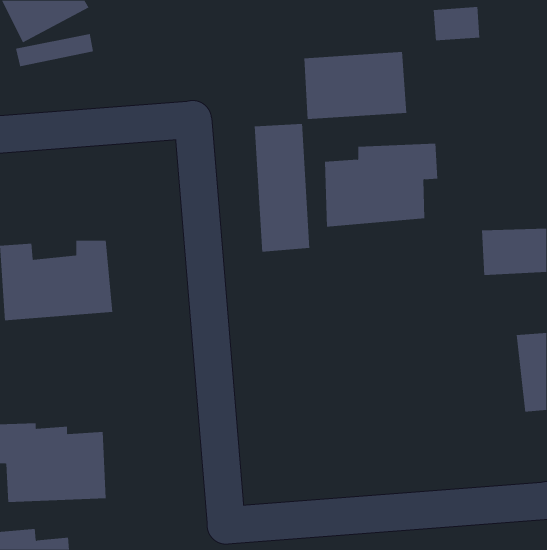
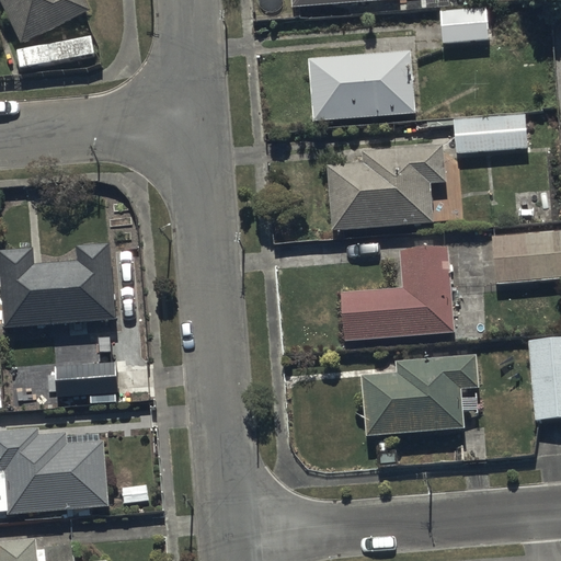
building: none -> [453,116,525,152]
building: [254,123,310,252] -> none
building: none -> [343,248,453,339]
building: none -> [363,357,479,433]
building: none -> [53,363,115,398]

